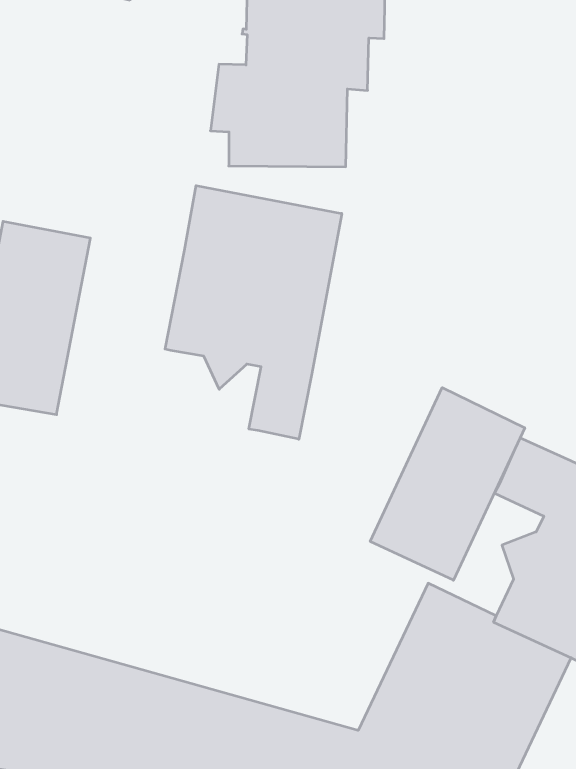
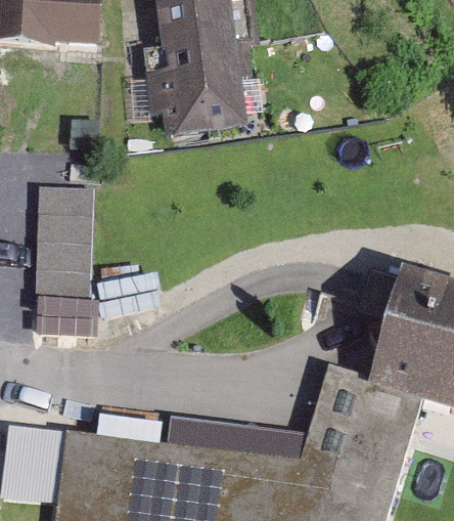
building: [165,186,342,439] -> none
building: [370,388,525,580] -> none

